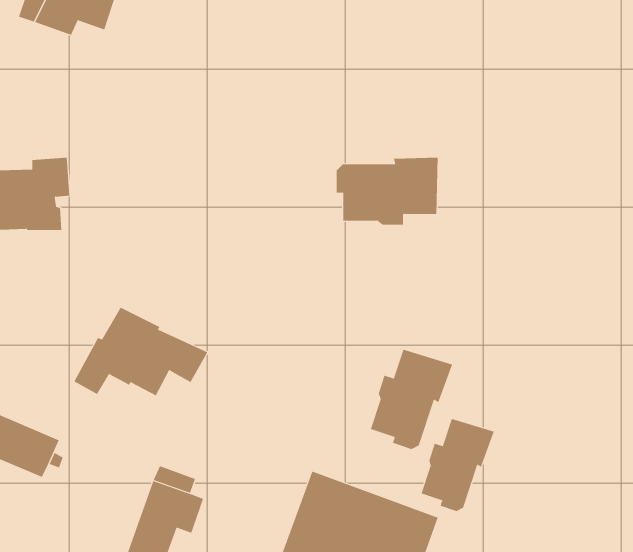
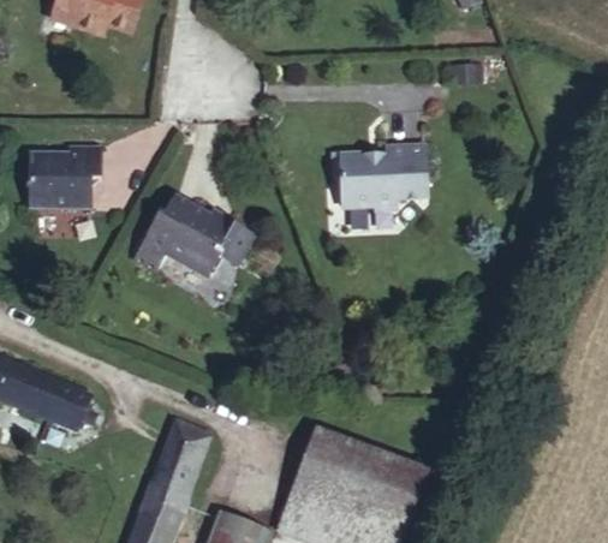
building: [73,307,208,396] -> [132,192,254,273]
building: [370,349,453,450] -> none
building: [421,418,495,512] -> none

